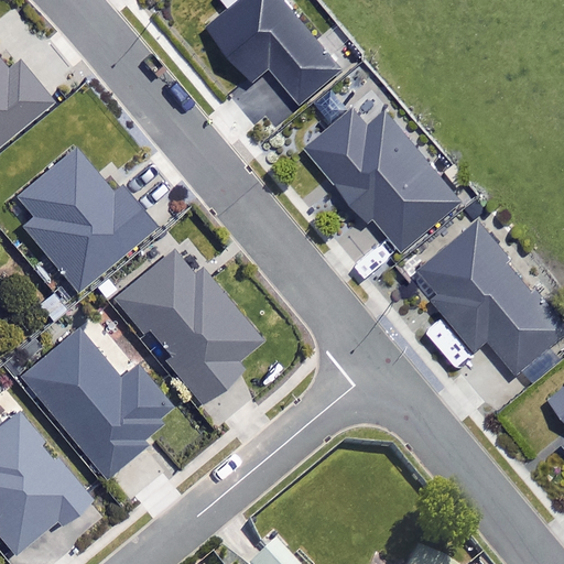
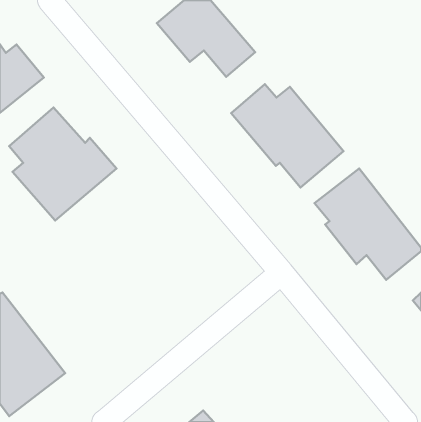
building: [117,247,259,403] -> none
building: [21,330,174,477] -> none

